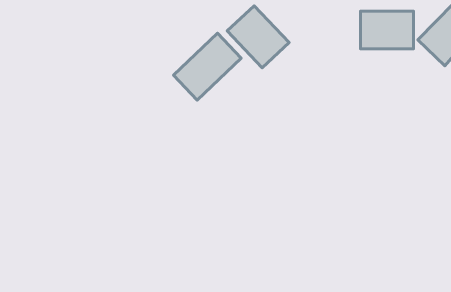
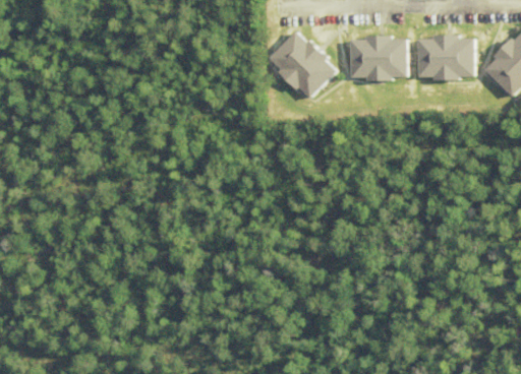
building: none -> [349,36,406,79]
building: [174,33,241,100] -> none

